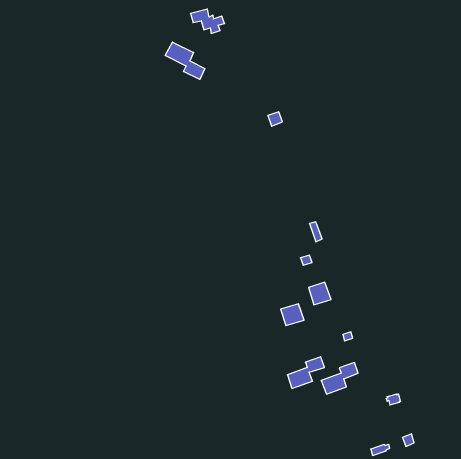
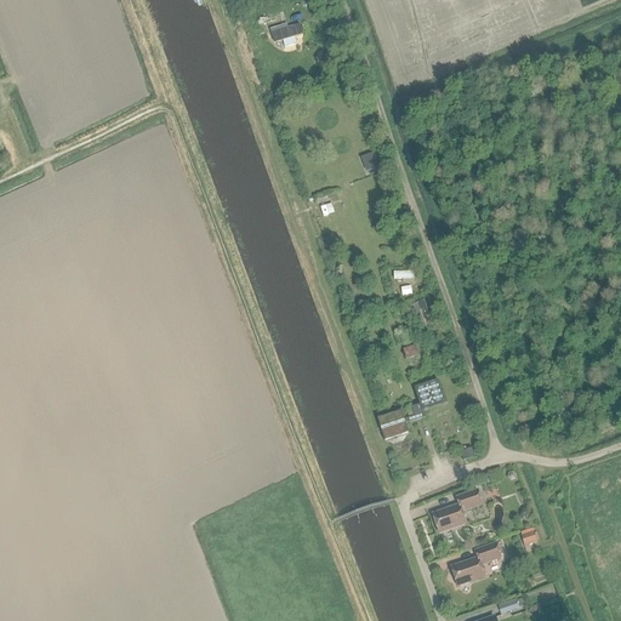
building: [165,42,205,79] -> none
building: [287,357,324,388] -> [451,541,501,583]

